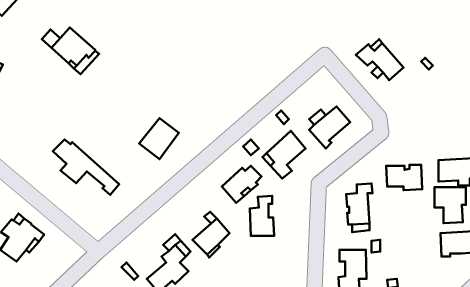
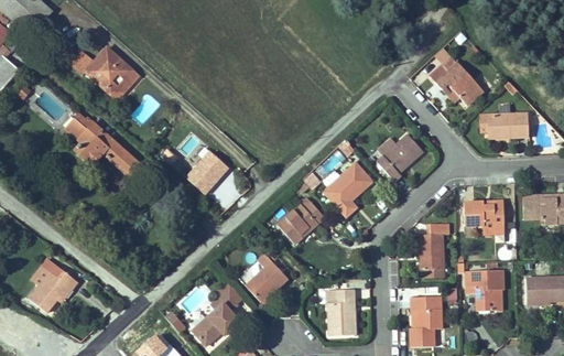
building: none -> [487,112,528,138]
building: [53,139,119,195] -> [65,114,140,176]
building: [435,187,466,223] -> [466,270,501,311]
building: [250,196,274,236] -> [328,289,356,334]

